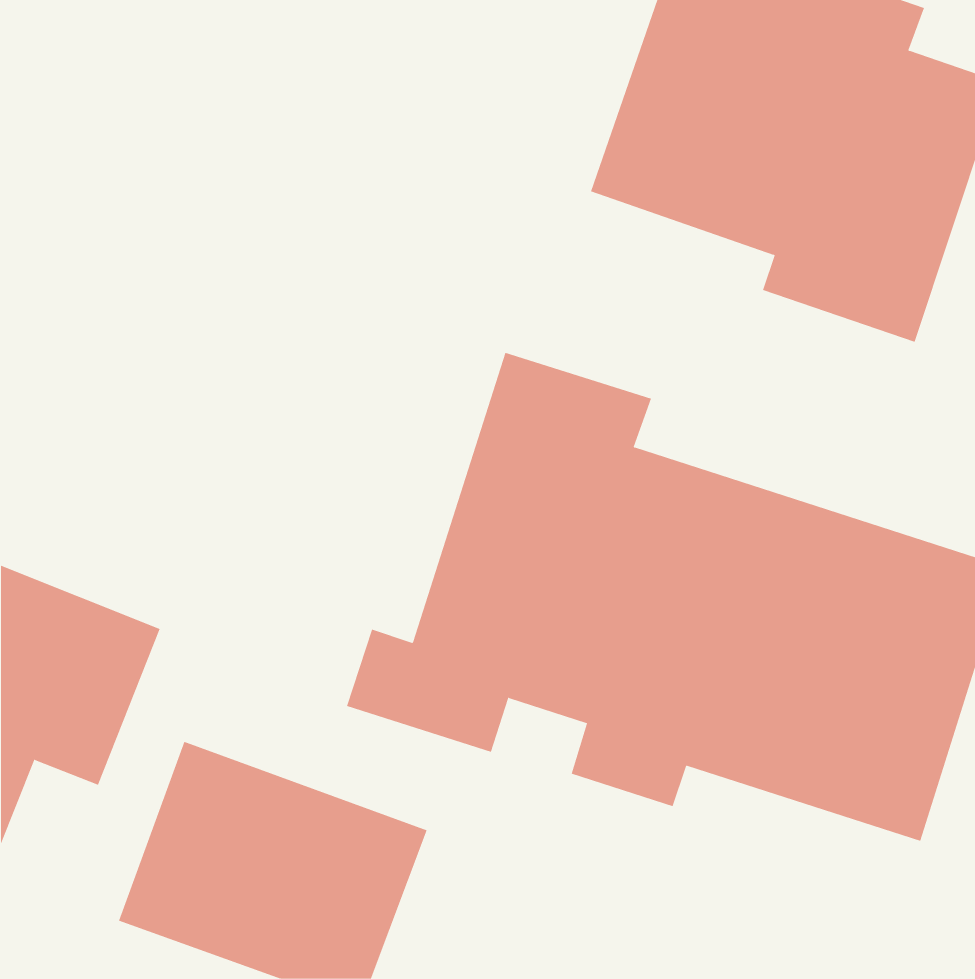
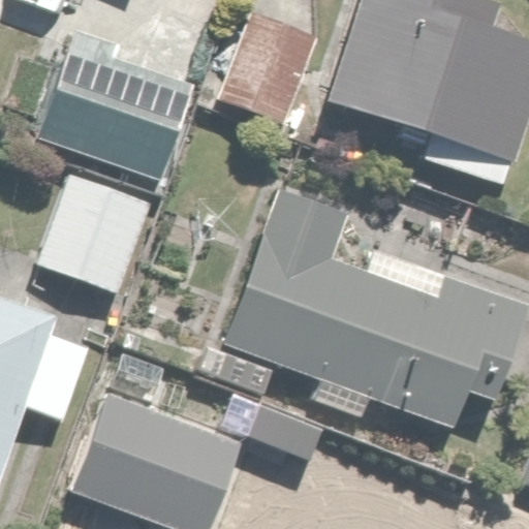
building: none -> [221,15,322,119]
building: none -> [37,26,203,183]
building: none -> [36,172,152,287]

